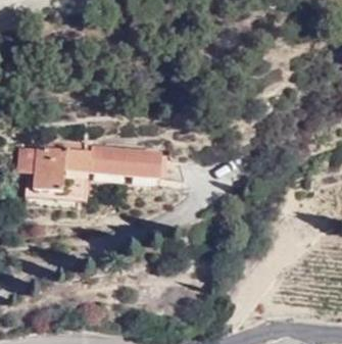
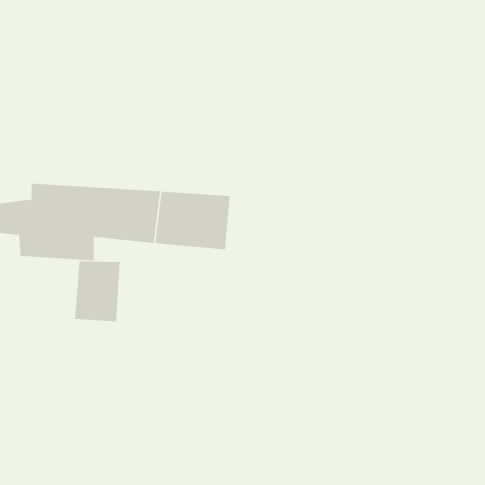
building: none -> [75,261,120,322]

